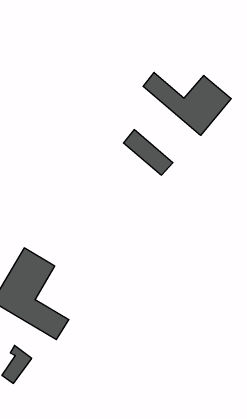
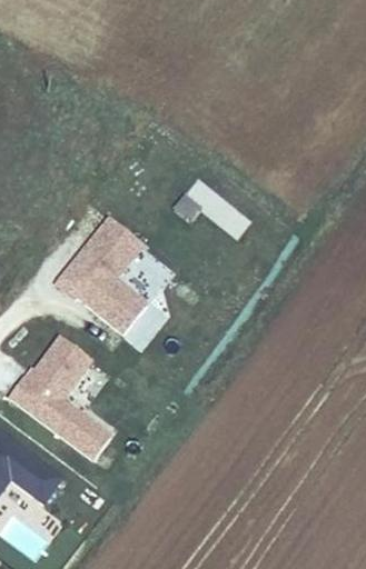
building: [143,72,231,135] -> none
building: none -> [61,219,151,335]

